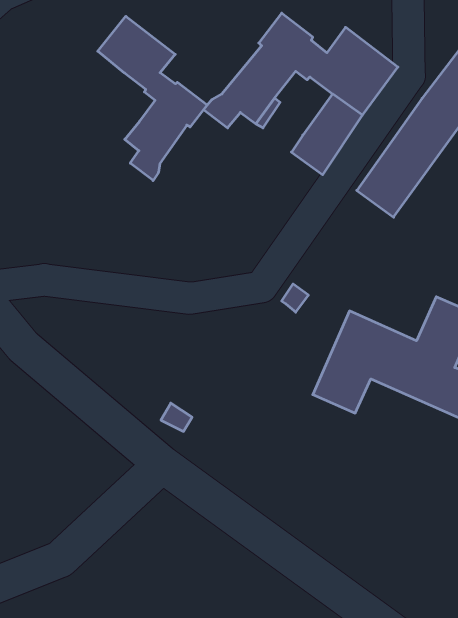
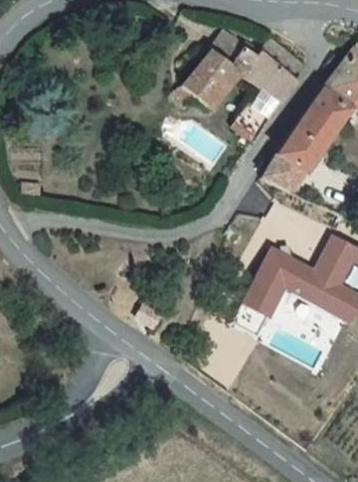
building: [98,16,207,181] -> none
building: none -> [259,157,302,193]

